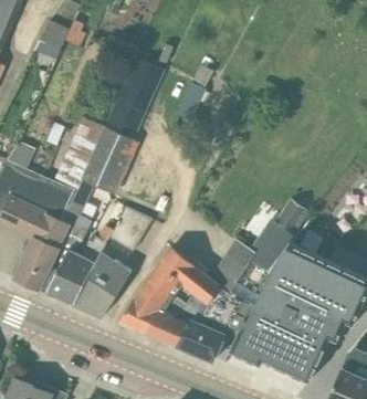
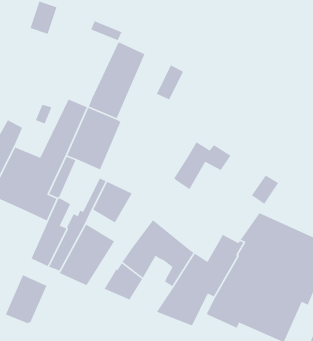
building: [14,238,60,291] -> [5,274,48,324]
building: [211,240,273,292] -> [173,141,232,190]
building: [147,287,192,346] -> none

